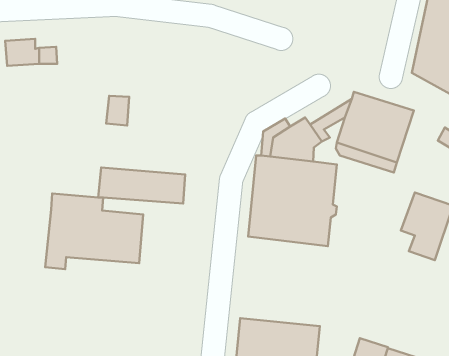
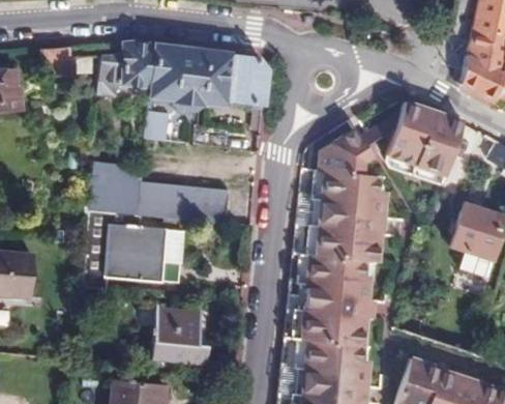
building: none -> [102,44,268,109]
building: none -> [91,162,144,212]
building: none -> [286,253,377,346]
building: none -> [153,305,206,360]

